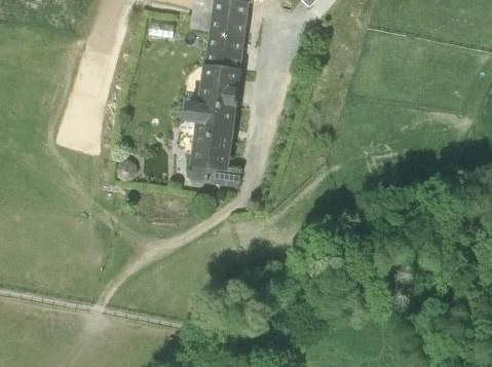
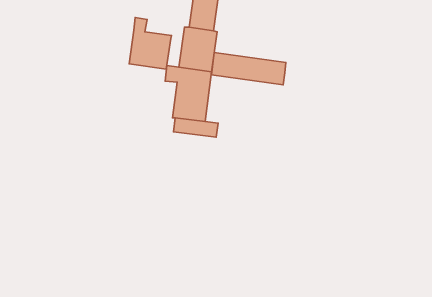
building: none -> [129,18,171,69]
building: none -> [212,52,286,85]

